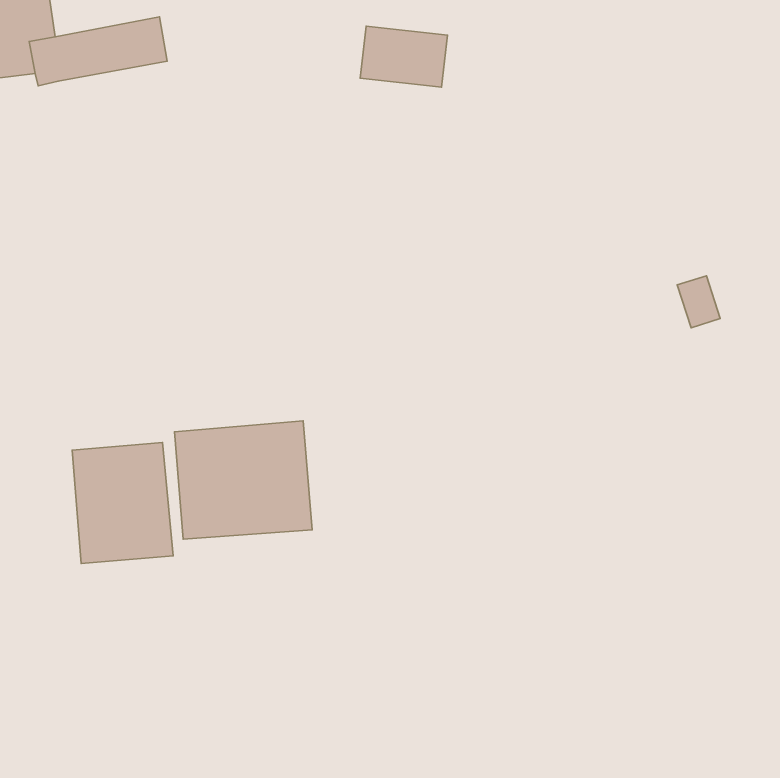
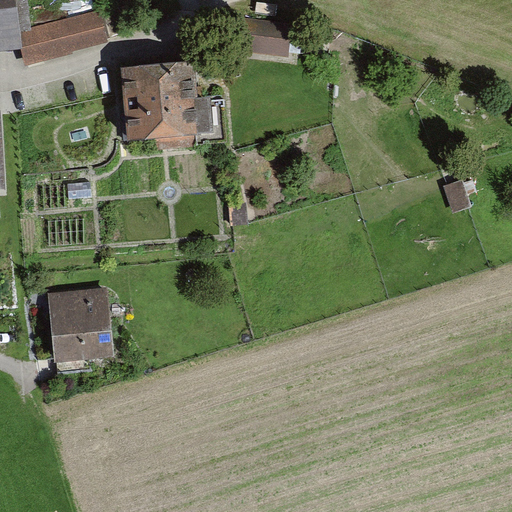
building: none -> [120,61,211,150]
building: [174,421,312,539] -> none

